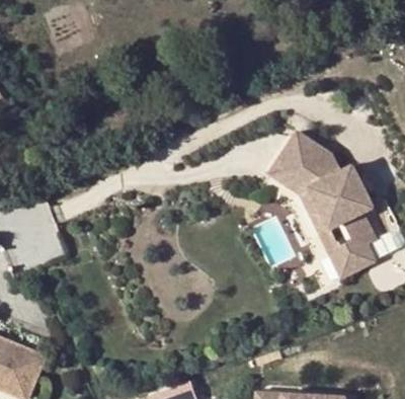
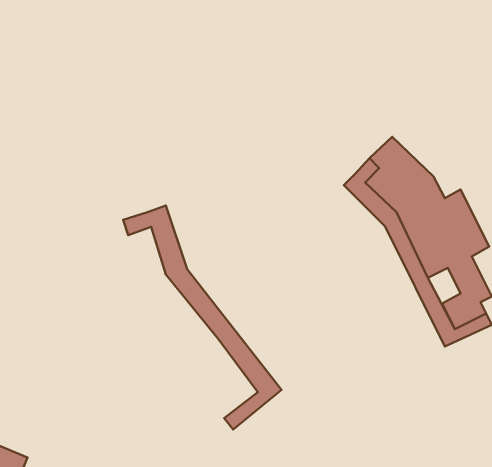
building: none -> [123,205,282,429]

